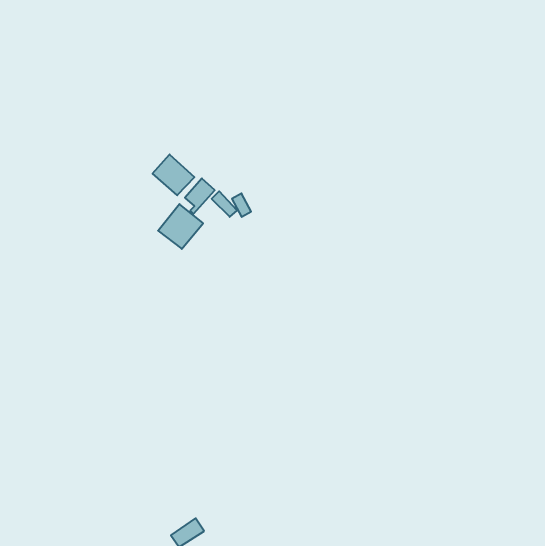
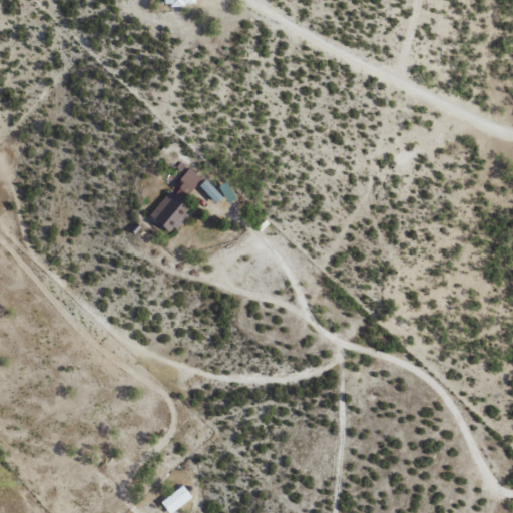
building: [153,154,194,195] -> none

